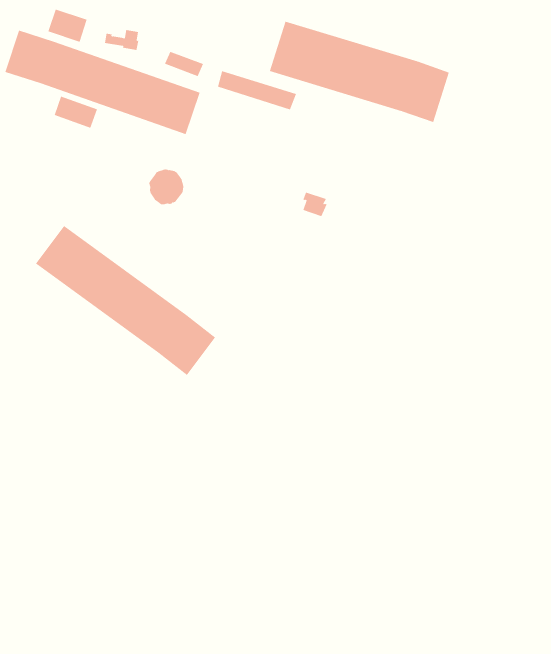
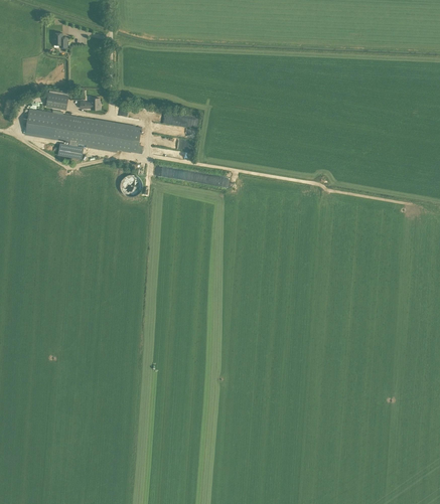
building: [269,21,450,123] -> none
building: [35,225,216,376] -> none

